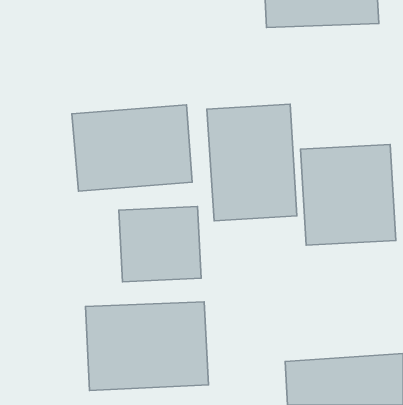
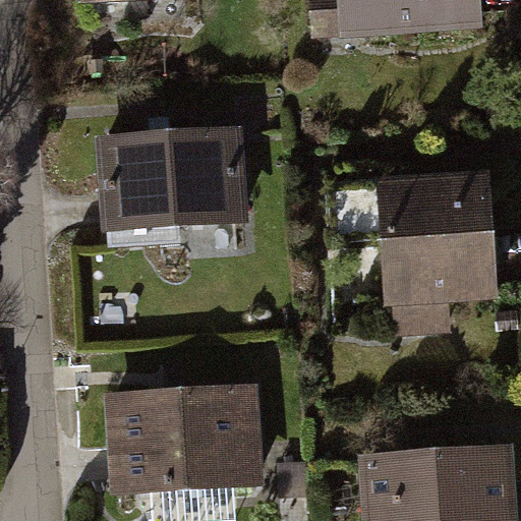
building: [207,104,297,221] -> none
building: [119,206,201,282] -> none

